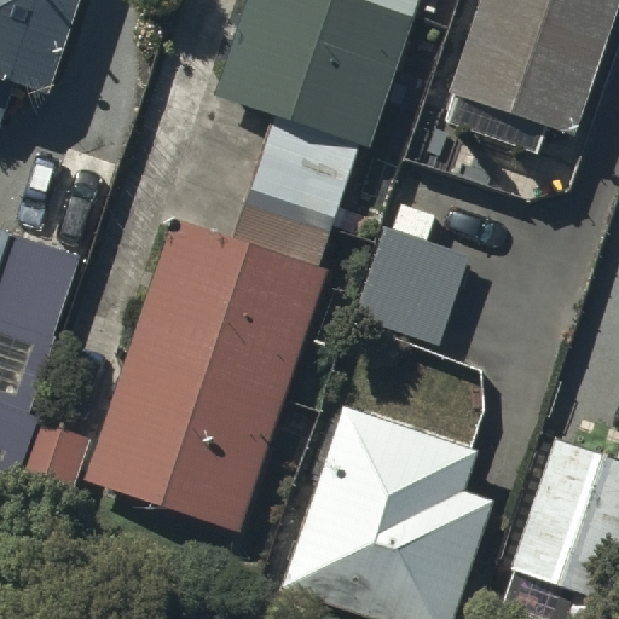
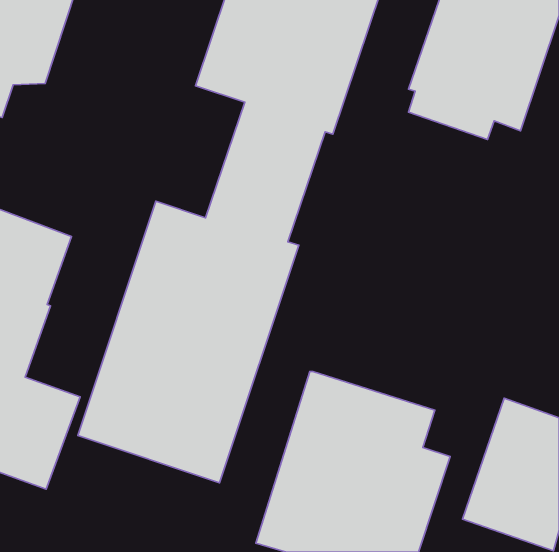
building: [353,216,469,335] -> none

